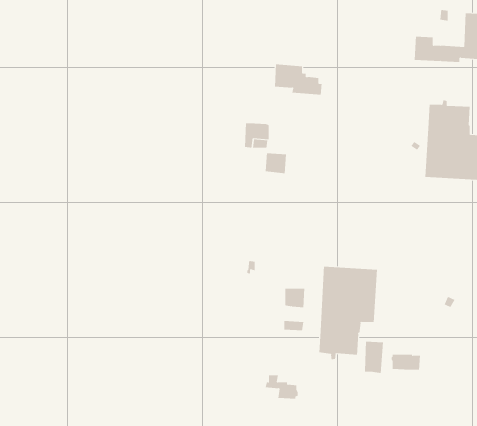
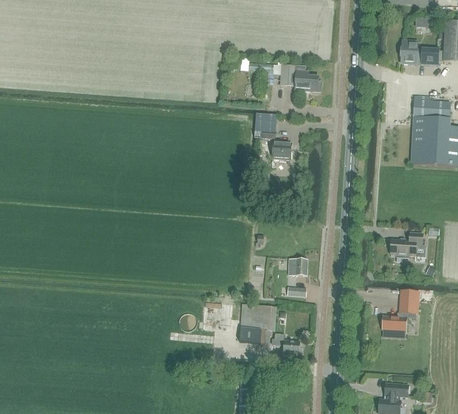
building: none -> [390,232,425,257]
building: [319,266,378,360] -> none
building: none -> [239,304,276,346]
building: [364,341,384,373] -> [400,290,417,318]

